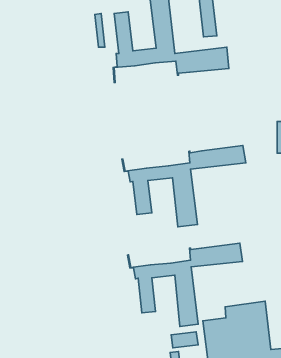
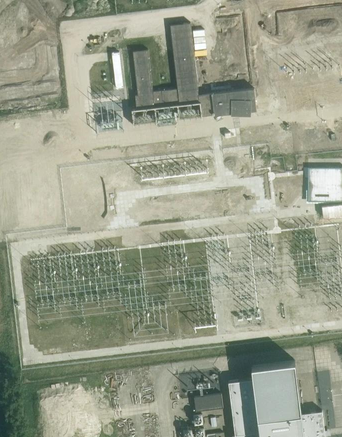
building: [122,145,246,227] -> none
building: [128,243,242,327] -> none

